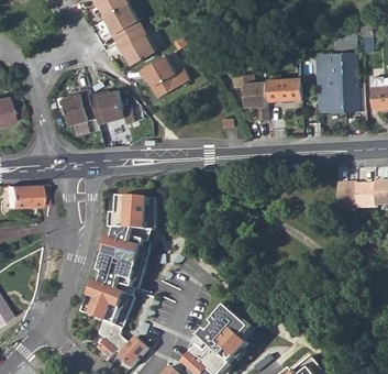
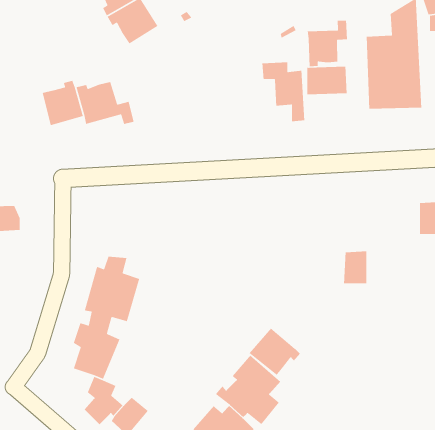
building: none -> [307,20,348,67]
building: [136,51,189,92] -> none
building: [339,183,357,209] -> [343,250,367,284]
building: [108,194,145,228] -> none
building: none -> [248,327,301,376]

